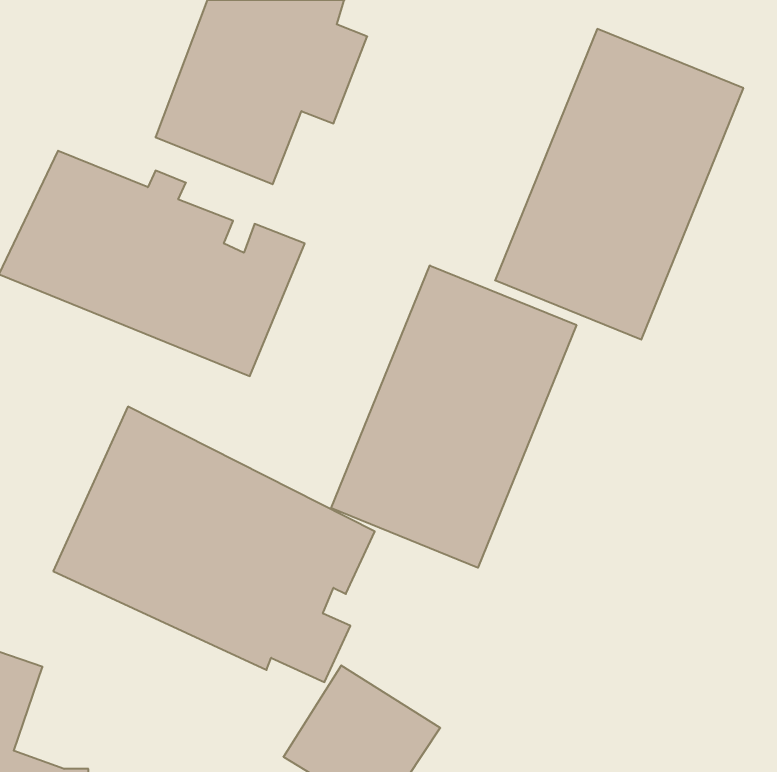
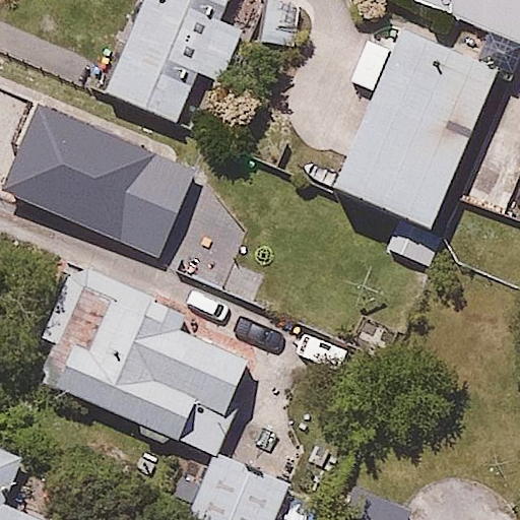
building: [331,265,576,568] -> none

